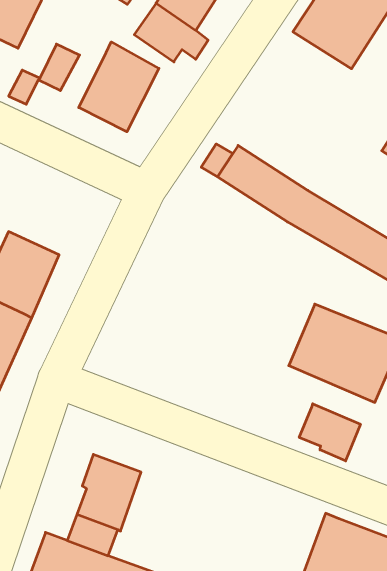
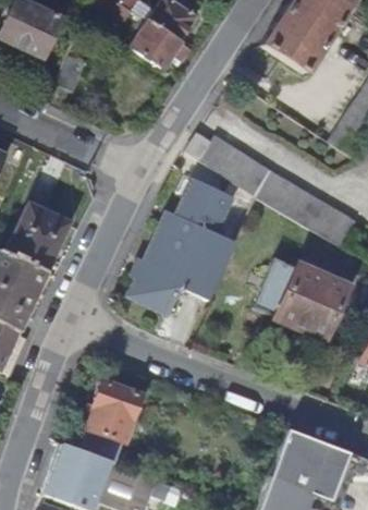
building: [79,42,159,132] -> none
building: none -> [127,177,234,311]
building: [299,404,360,461] -> none

